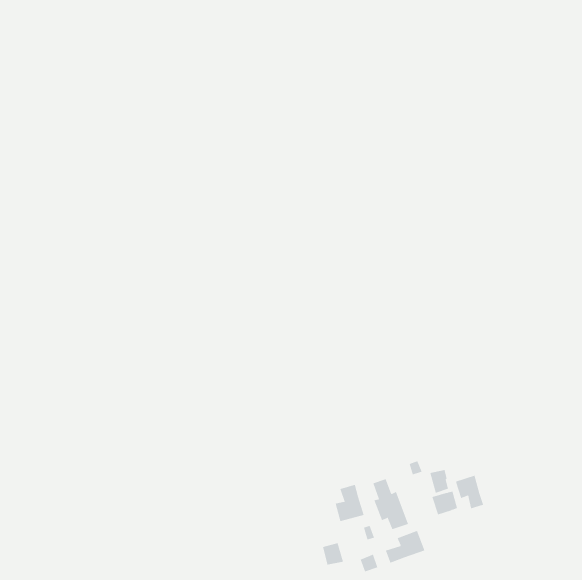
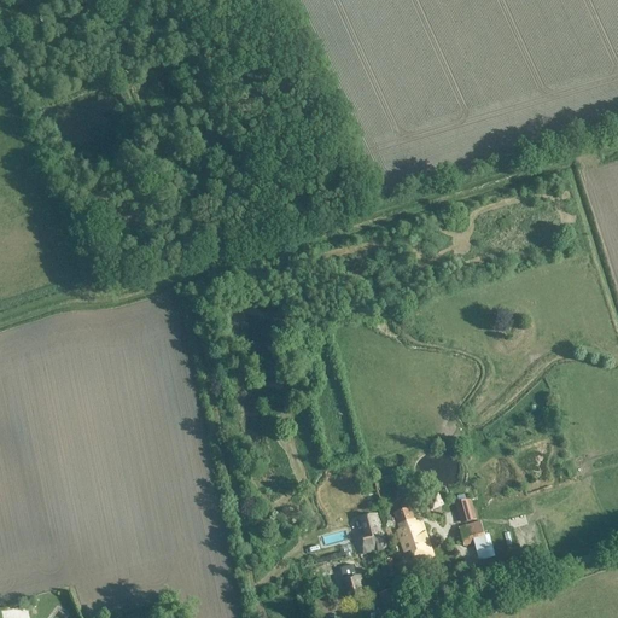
building: [455,475,484,509] -> none
building: [385,530,425,564] -> none

